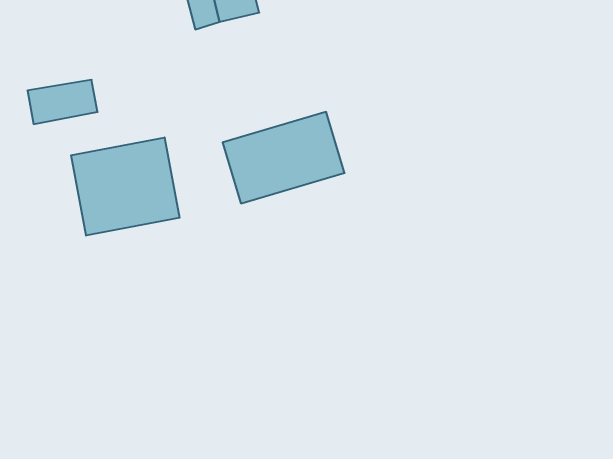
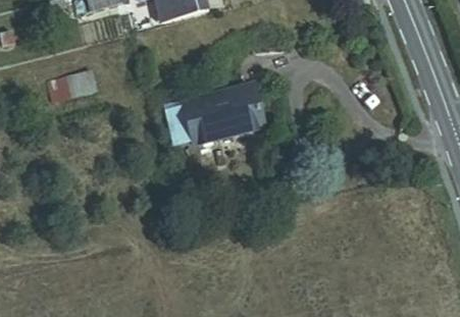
building: [71,137,180,236] -> none

